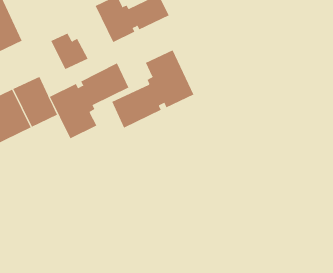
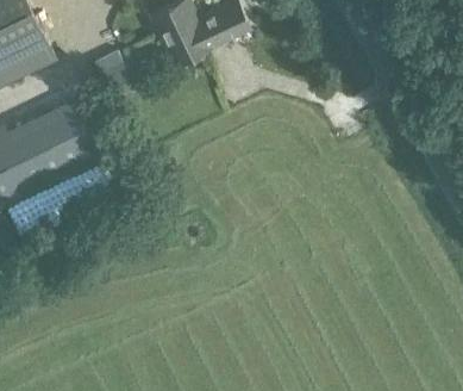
building: [112,49,194,128] -> none
building: [49,63,129,139] -> none

